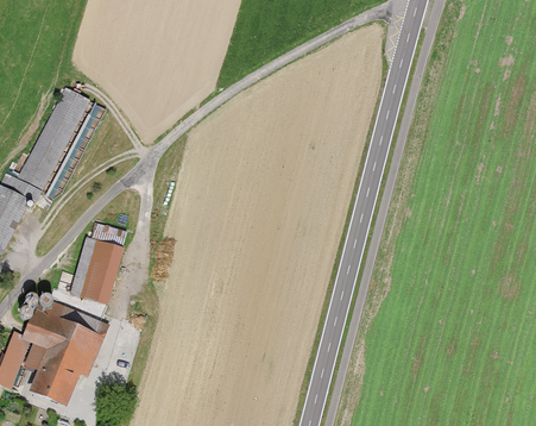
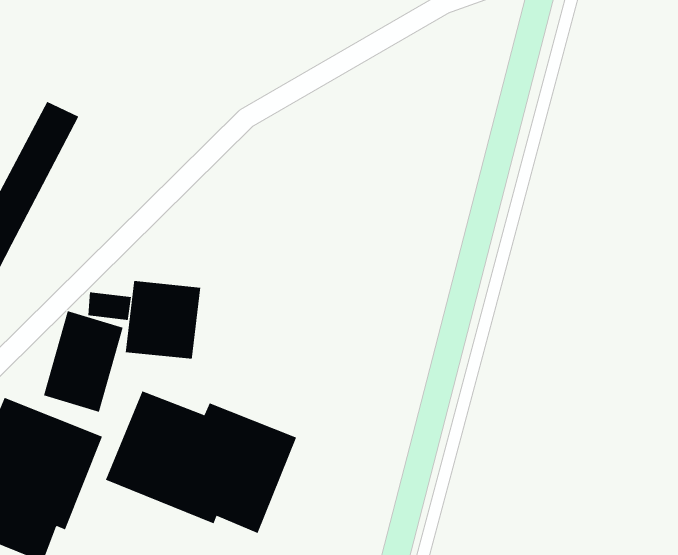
building: none -> [125,280,201,360]
building: none -> [105,390,297,534]

